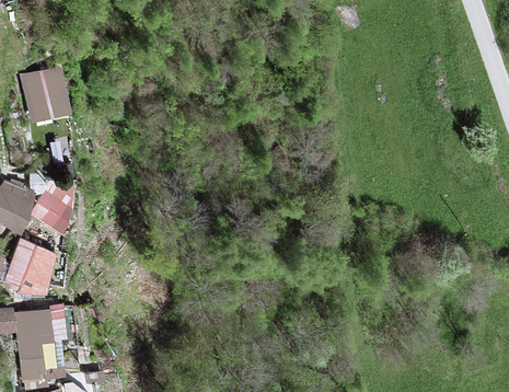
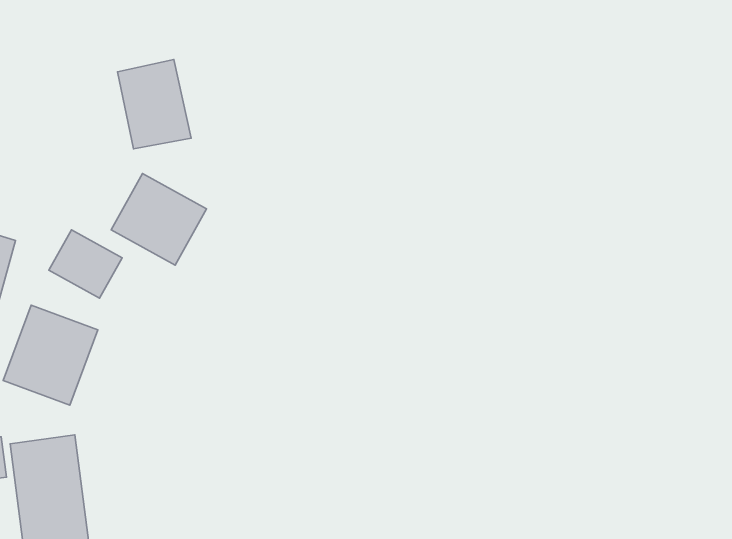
building: [14,69,60,125] -> [118,59,191,149]
building: none -> [111,174,206,265]

